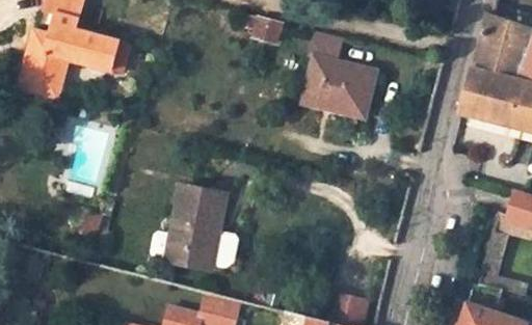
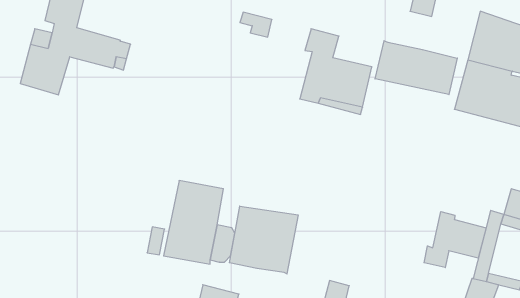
building: none -> [375,41,457,95]
building: none -> [229,206,298,274]
building: none -> [424,212,486,268]

